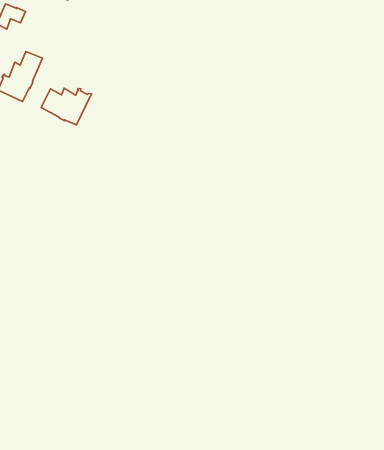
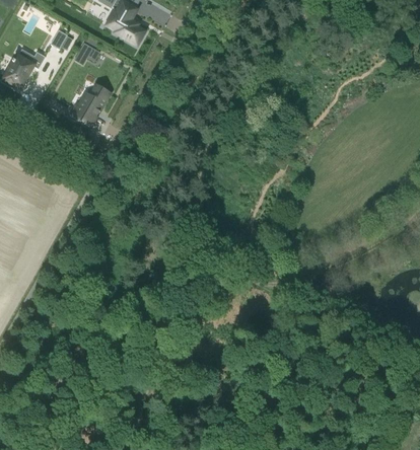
building: [41,88,92,125] -> none

